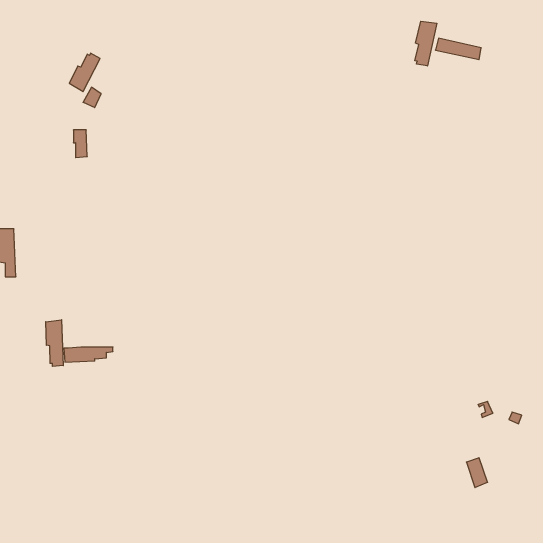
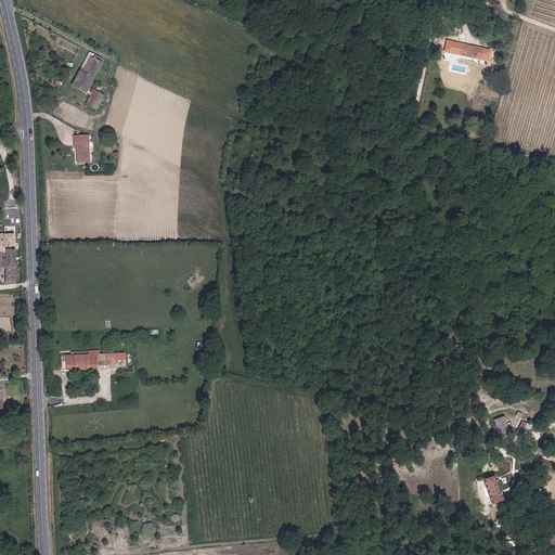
building: [415,21,437,66] -> none
building: [46,320,63,366] -> none

